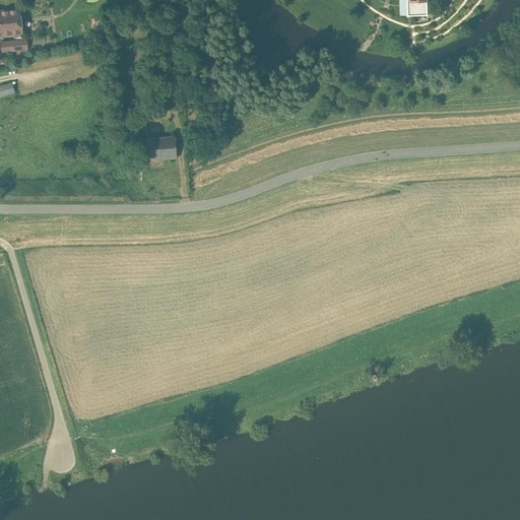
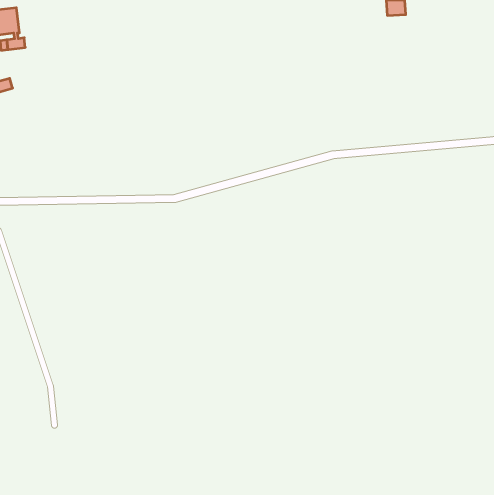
building: [145,138,174,155] -> none

